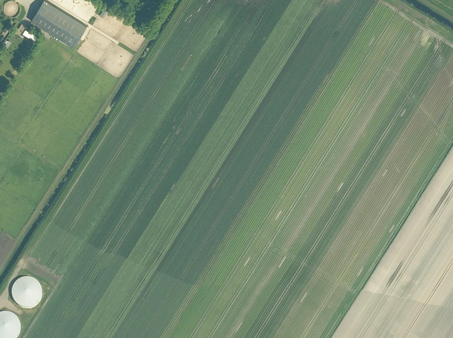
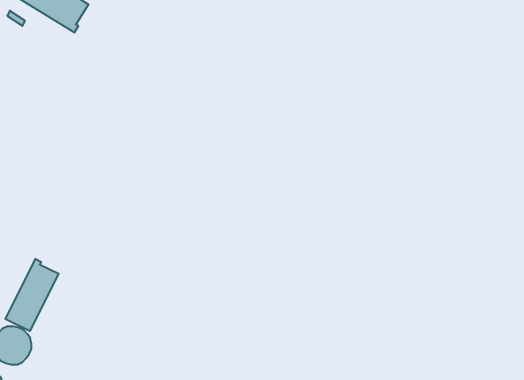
building: none -> [5,259,59,331]

